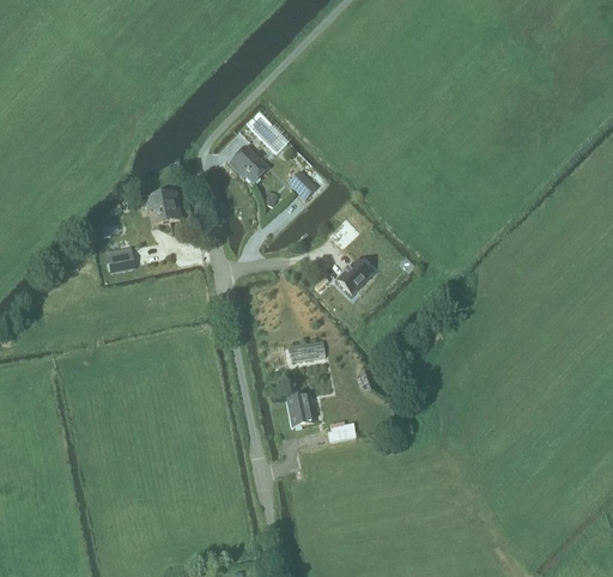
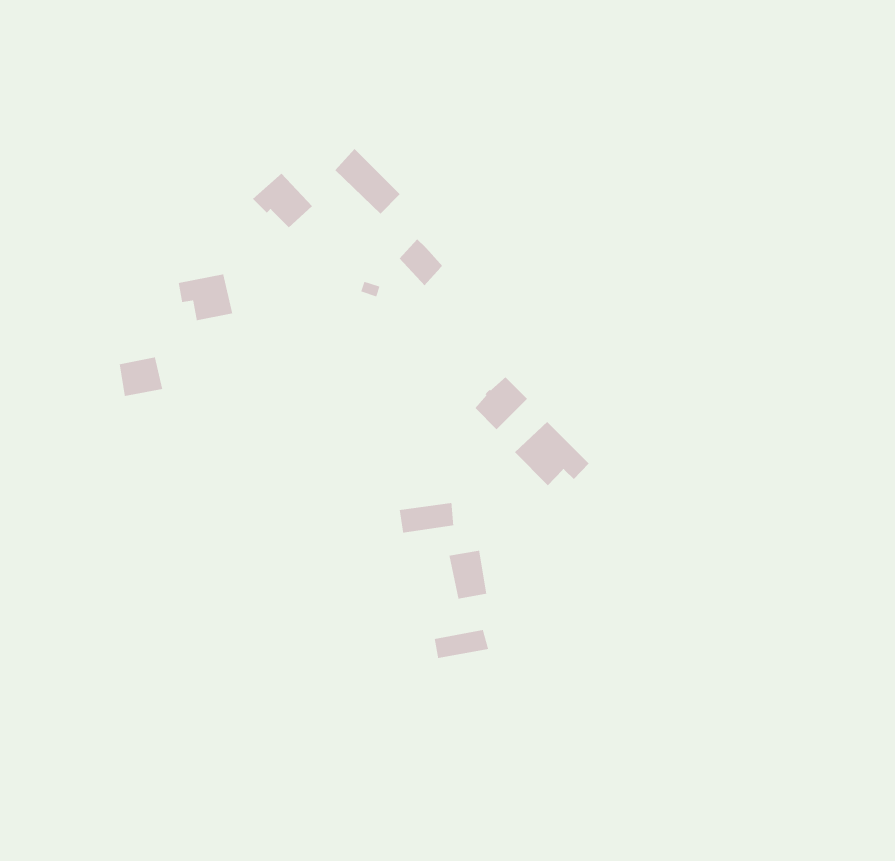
building: [229,146,268,182] -> [252,173,313,228]
building: none -> [514,421,589,486]
building: [287,394,312,426] -> [449,550,487,600]

